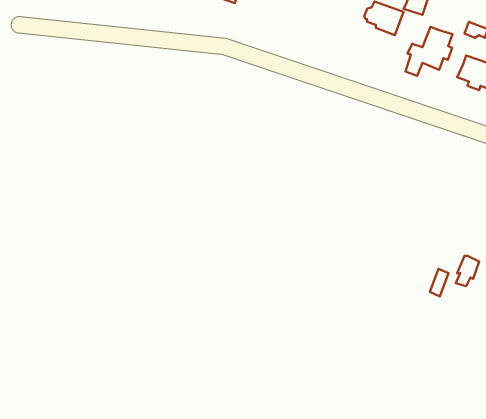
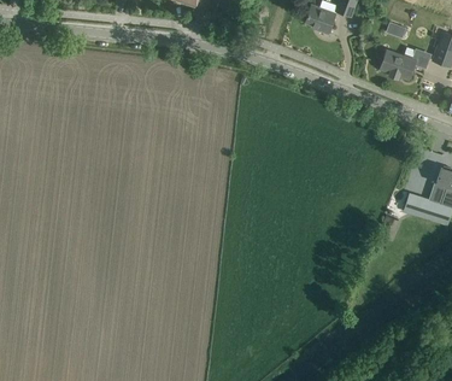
building: [406,27,453,76] -> none

